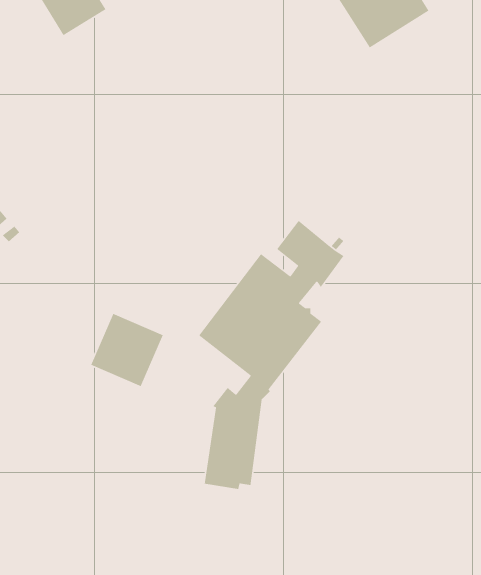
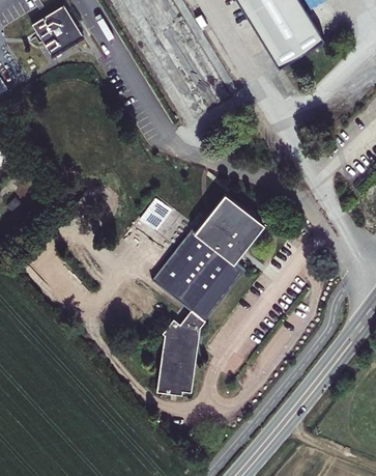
building: [90,313,164,387] -> none

